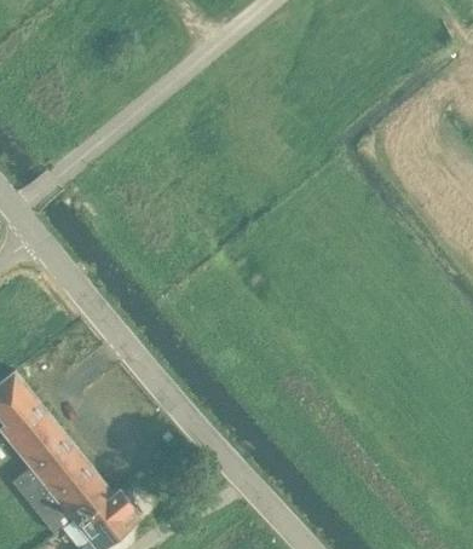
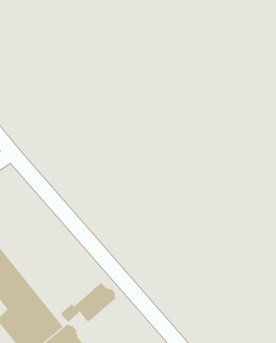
building: none -> [60,282,117,323]

